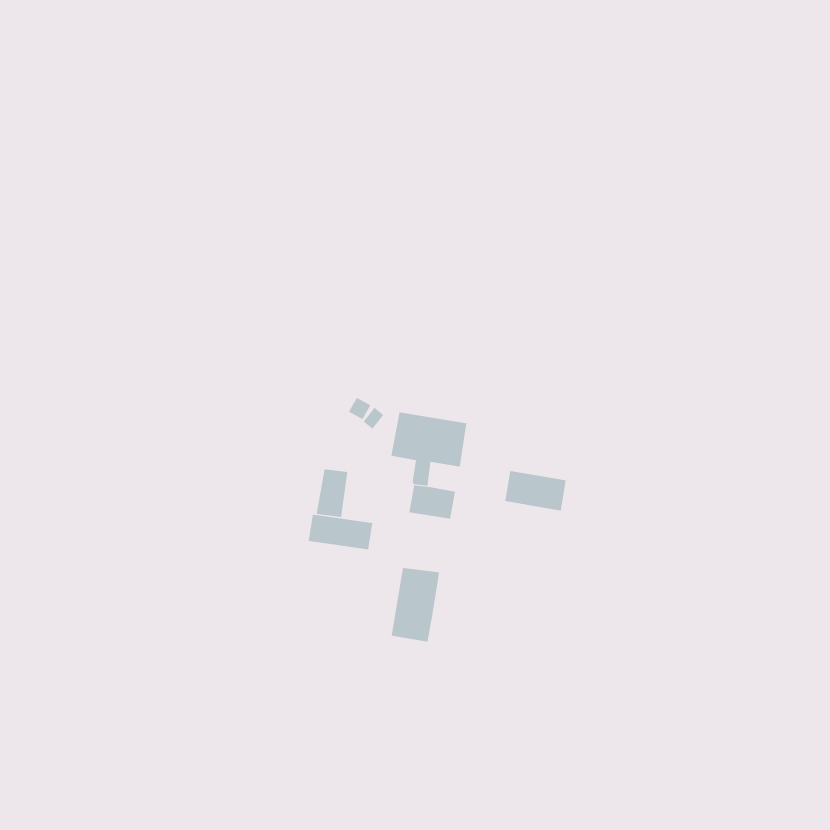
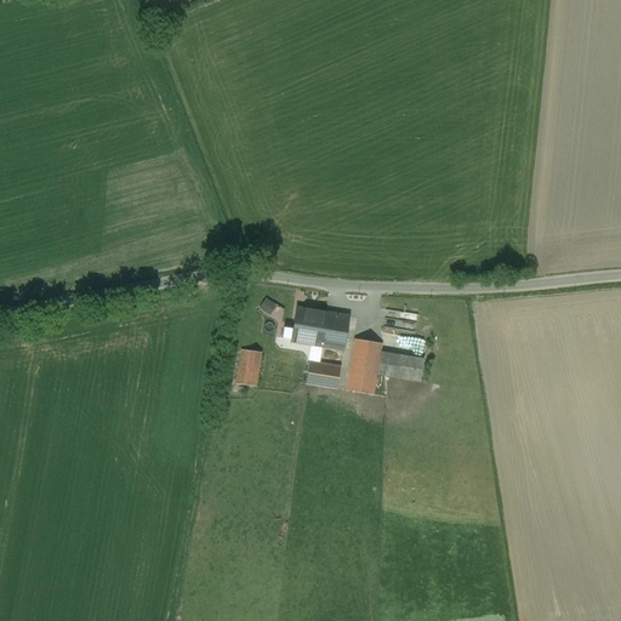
building: [308,514,373,550] -> none
building: [391,567,440,642] -> [346,338,382,394]

